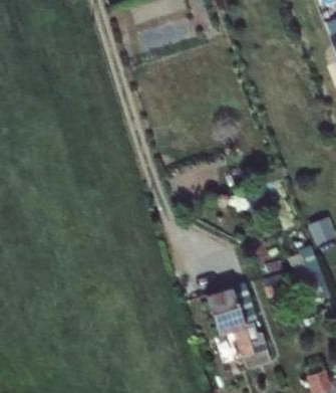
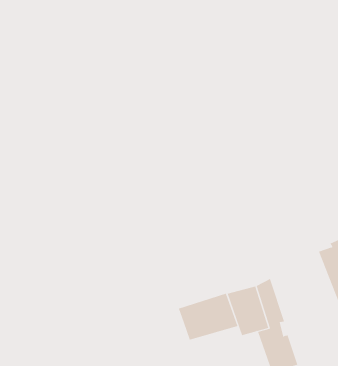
building: none -> [178,293,238,340]

